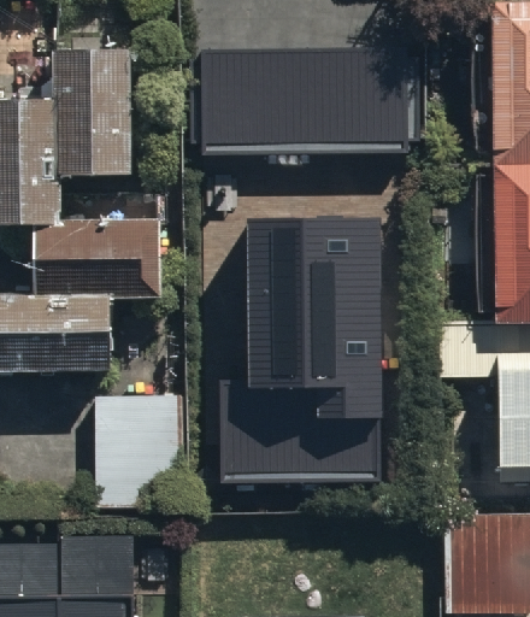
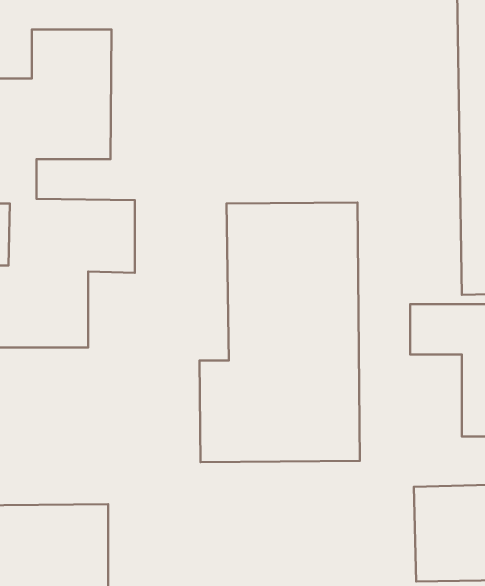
building: [204,53,416,160] -> none
building: [93,393,176,510] -> none

